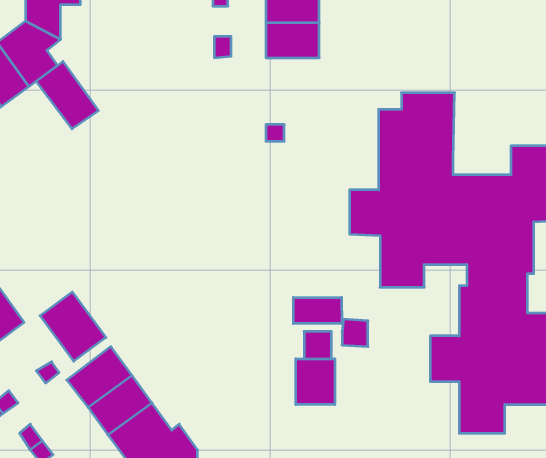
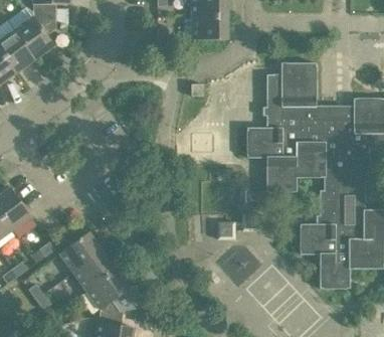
building: [36,61,98,129] -> none
building: [40,292,106,361] -> none
building: [293,297,342,324] -> none
building: [296,359,335,405] -> none

